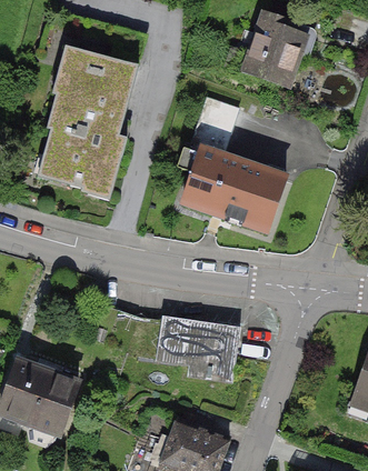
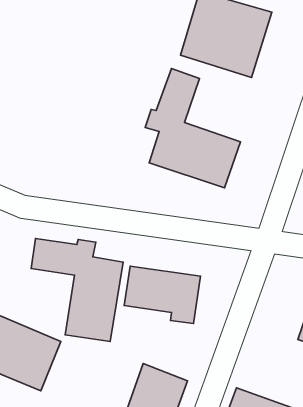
building: [24,54,131,200] -> none
building: none -> [31,239,123,341]

